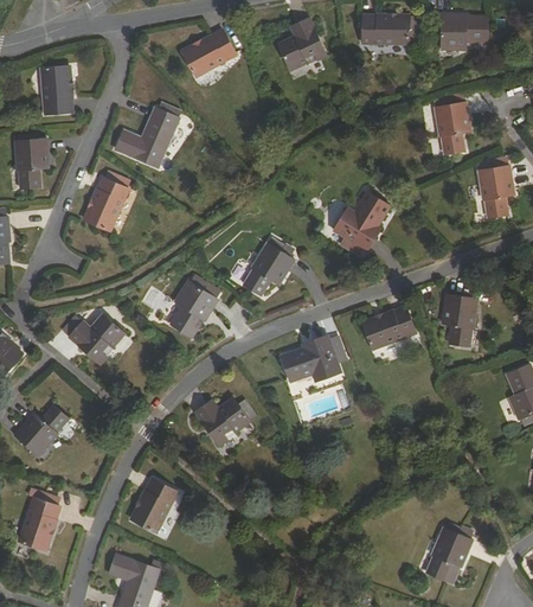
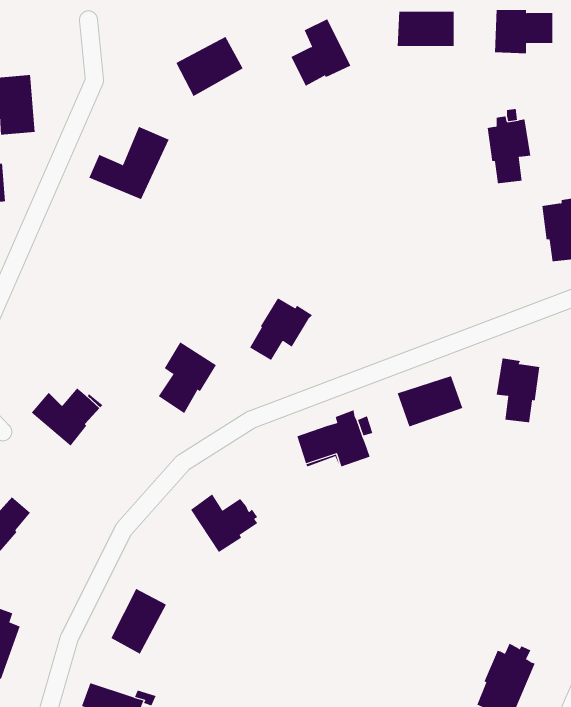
building: [83,177,127,230] -> none
building: [332,191,388,250] -> none

